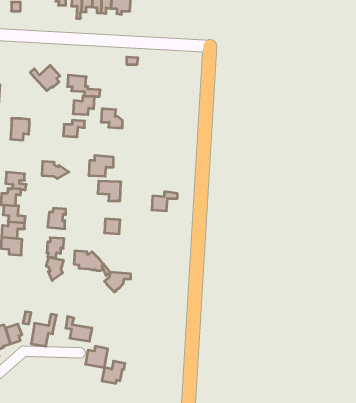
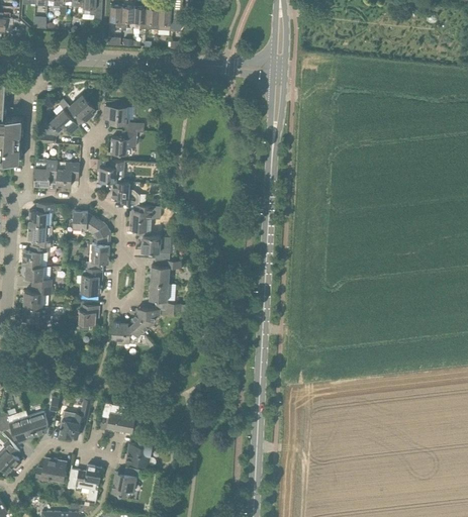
building: none -> [36,109,79,143]
building: [101,109,122,128] -> [111,182,137,205]
building: none -> [56,163,79,188]
building: none -> [28,204,54,227]
building: none -> [90,225,109,264]
building: [152,192,177,211] -> [150,261,181,284]
building: [46,257,63,281] -> none
building: [104,272,131,292] -> [130,308,163,332]
building: [102,361,125,383] -> [111,468,139,495]
building: none -> [34,458,65,483]
building: none -> [67,466,101,490]

